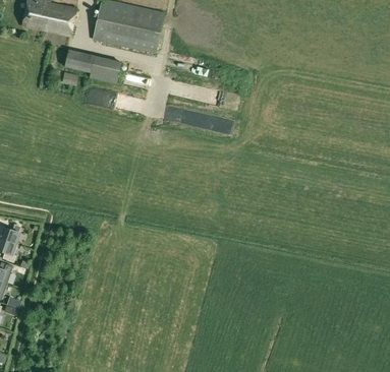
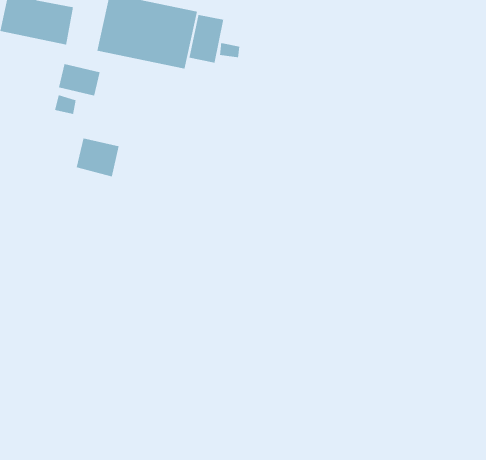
building: none -> [189,14,224,64]
building: [90,55,121,83] -> [76,138,119,177]

